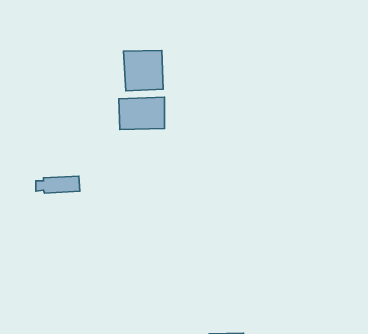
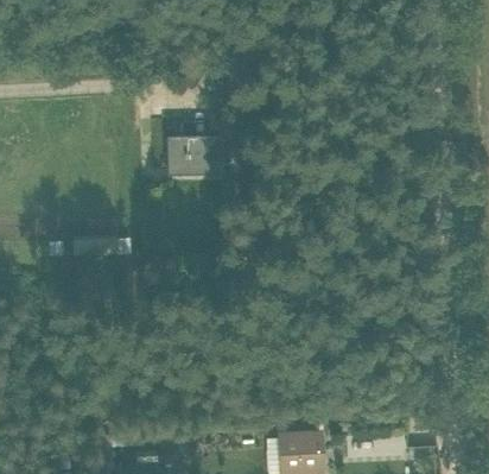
building: [124,51,163,91] -> none

